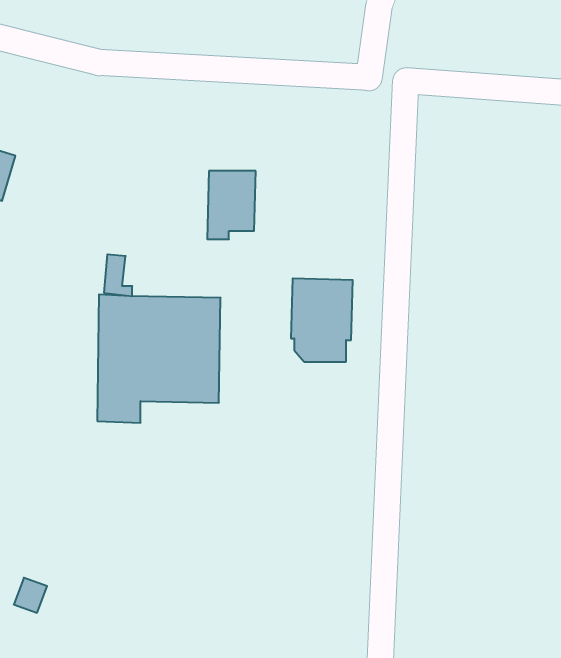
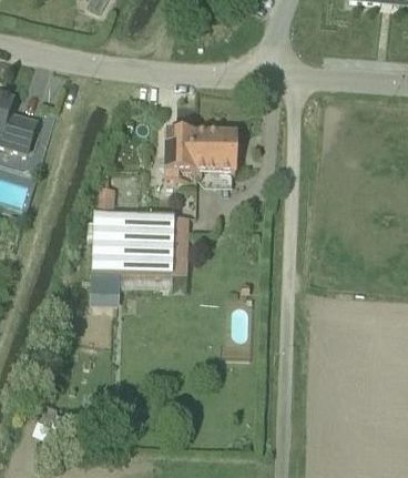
building: [291,278,353,362] -> [196,129,237,184]

